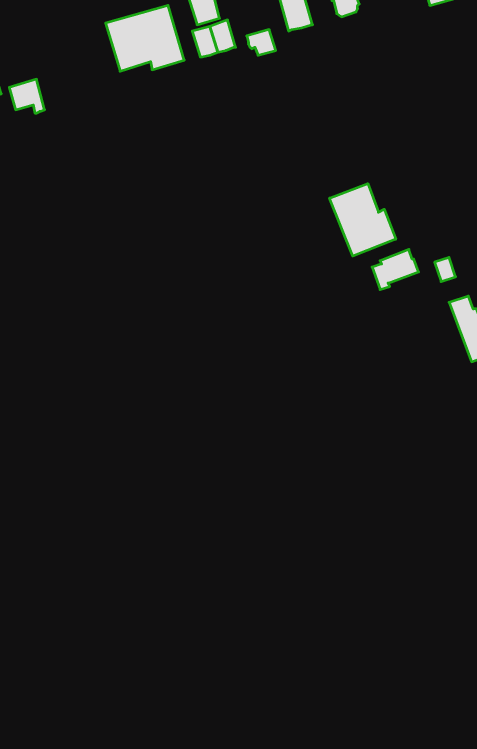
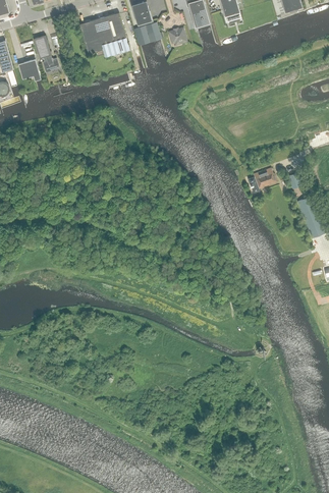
building: none -> [33,35,58,71]
building: [330,184,396,256] -> none

